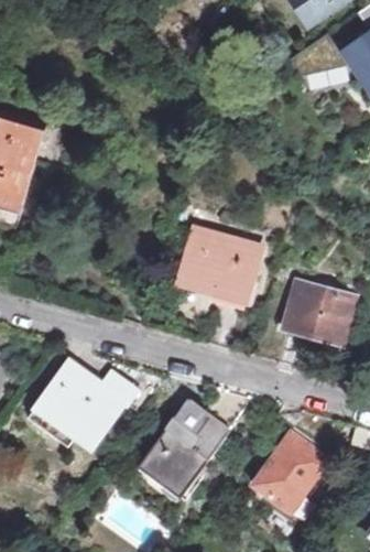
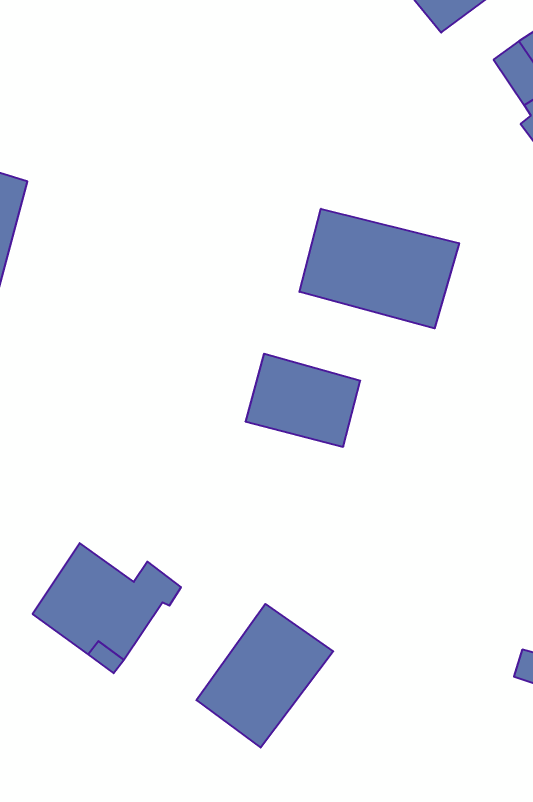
building: none -> [299,209,459,328]
building: [289,289,352,344] -> none
building: [255,436,334,522] -> none

